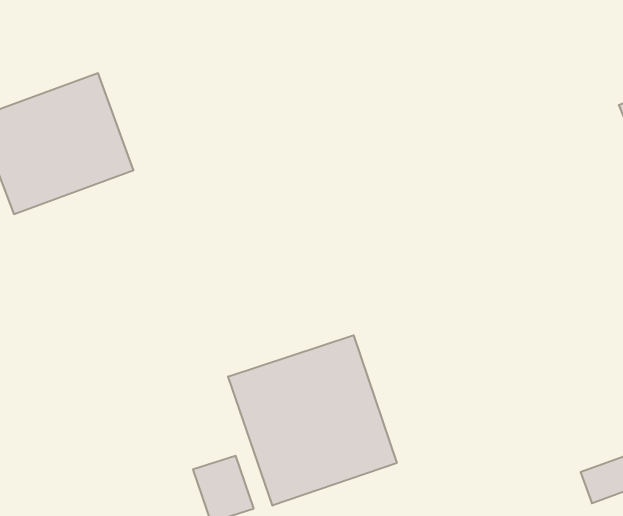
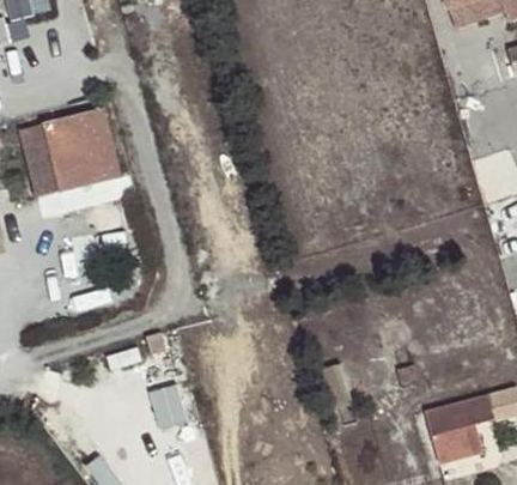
building: [228,335,397,506] -> none

